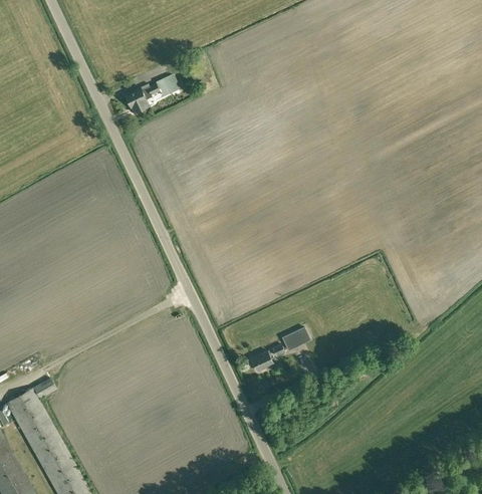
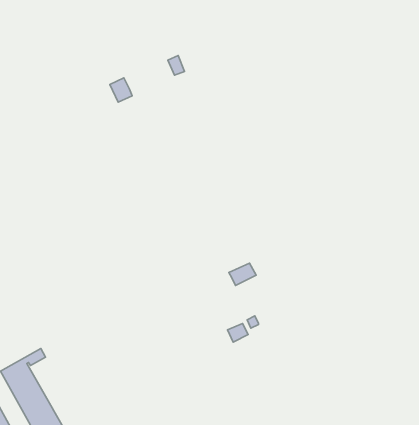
building: [141,73,180,99] -> none
building: [281,326,310,350] -> [229,263,256,285]

